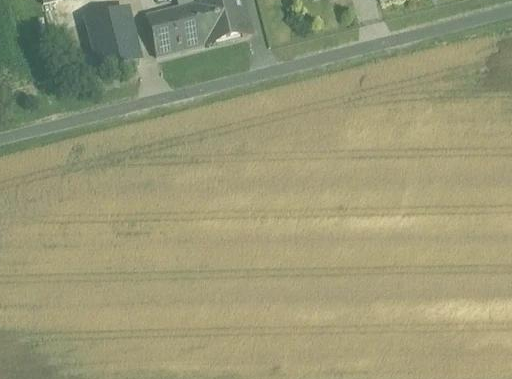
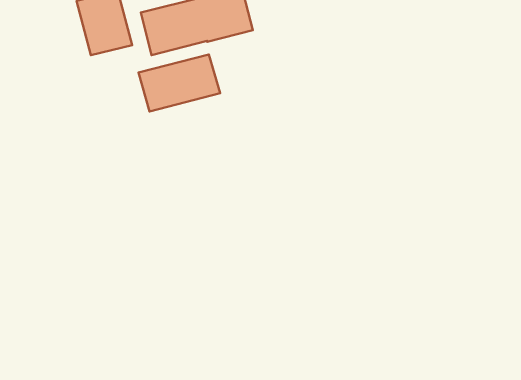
building: none -> [138,55,220,111]

